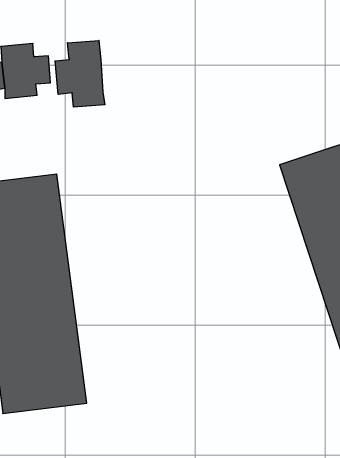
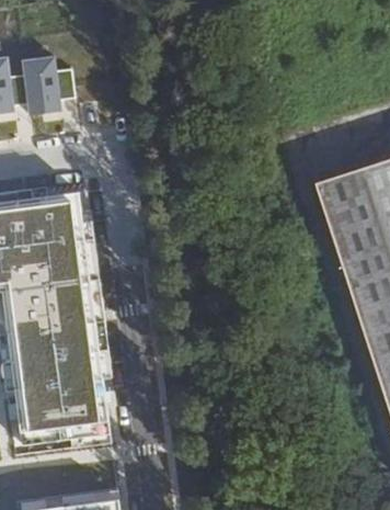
building: [55,40,105,107] -> none

